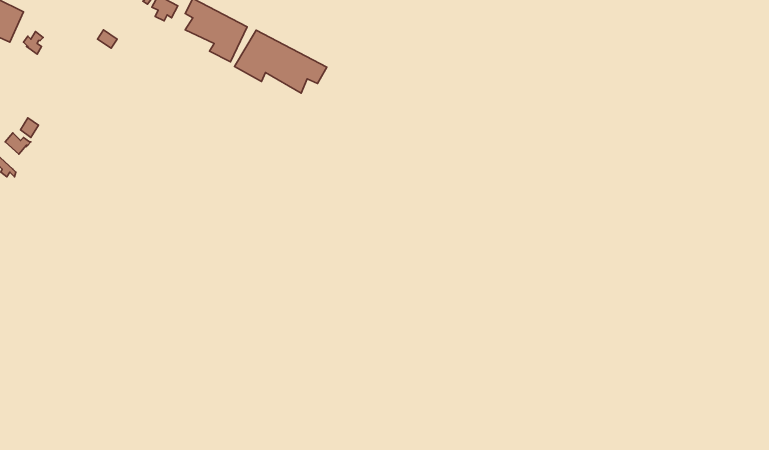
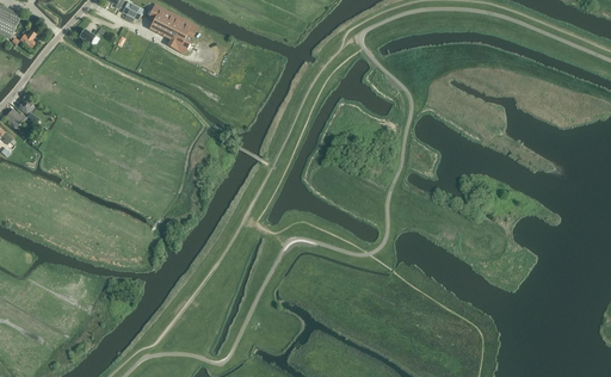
building: [235,30,327,93] -> none

